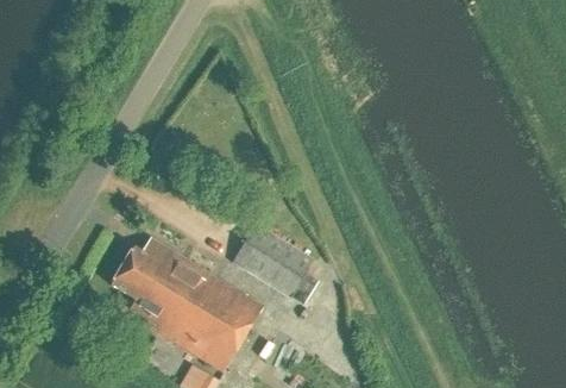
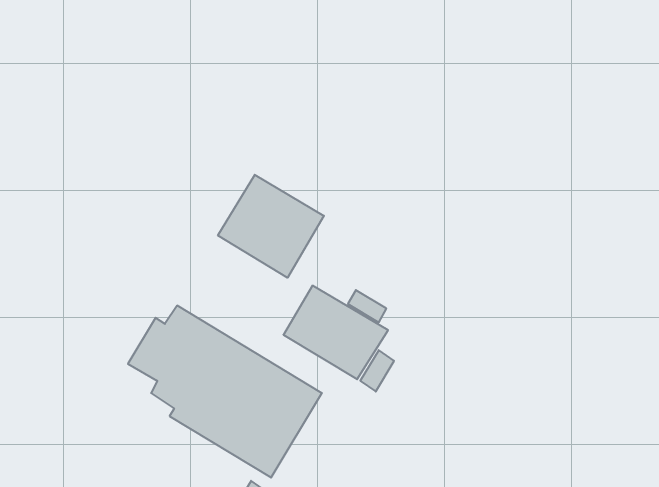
building: none -> [218,175,324,278]

